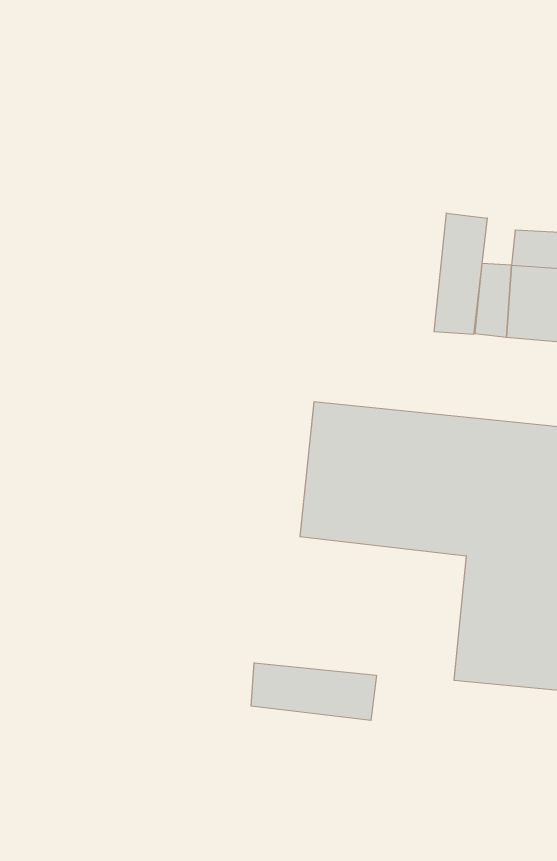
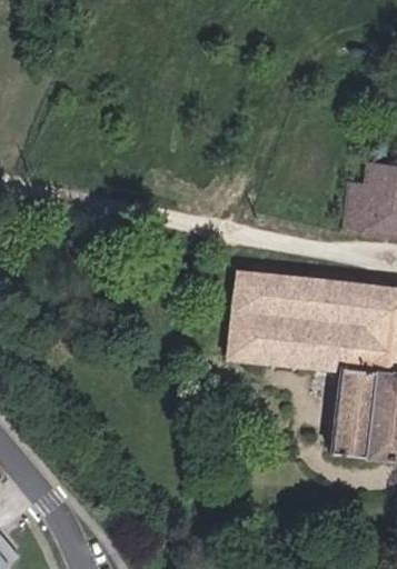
building: [434,213,487,334] -> none
building: [251,663,376,720] -> none

